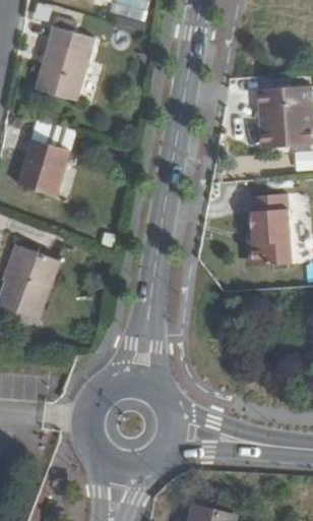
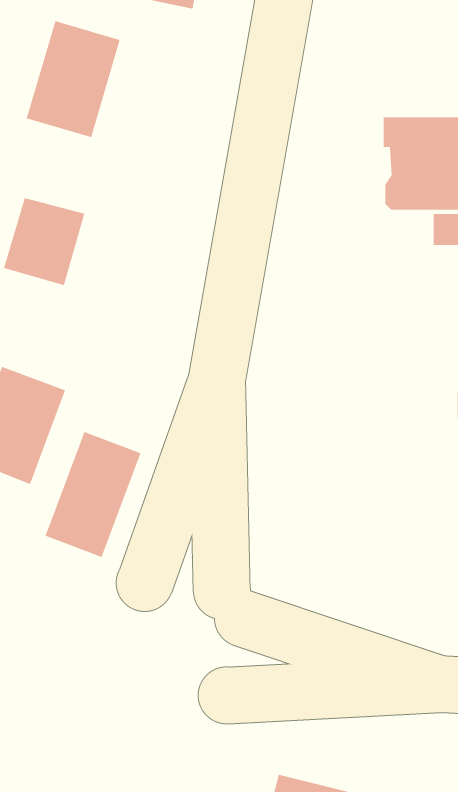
building: [245,192,296,267] -> none
building: none -> [45,431,141,558]

